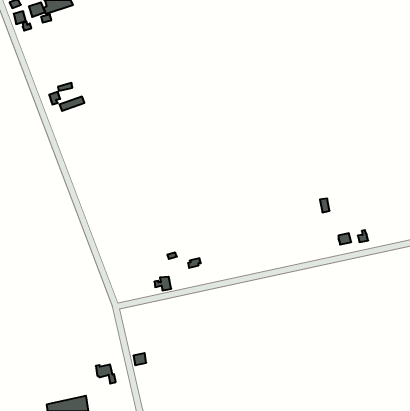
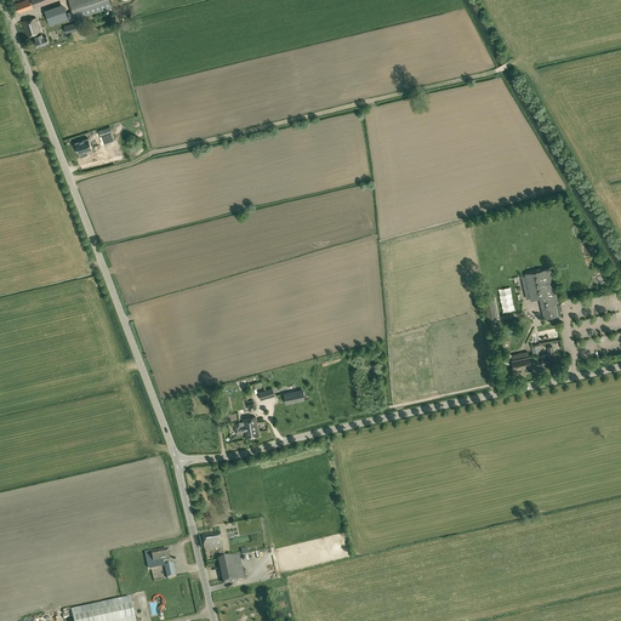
building: none -> [525,269,557,319]
building: none -> [217,556,244,583]

